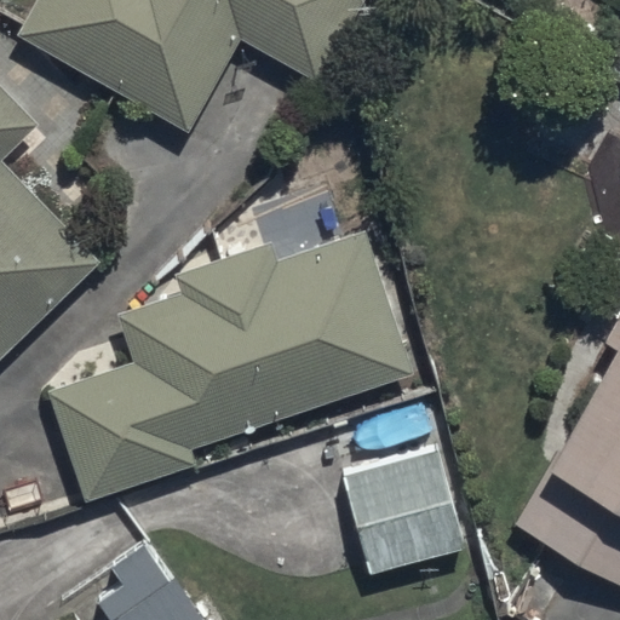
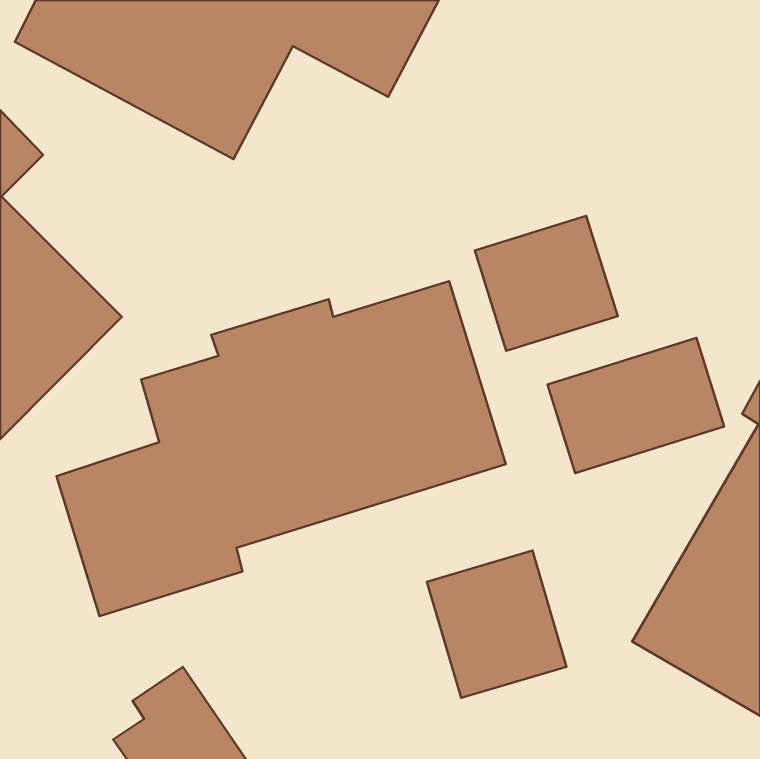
building: none -> [475,216,618,351]
building: none -> [548,338,724,473]

